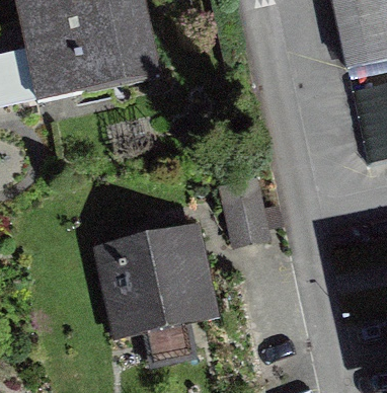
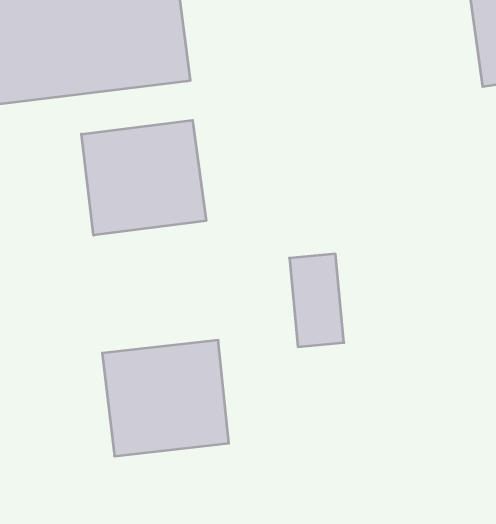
building: none -> [81,120,206,235]

